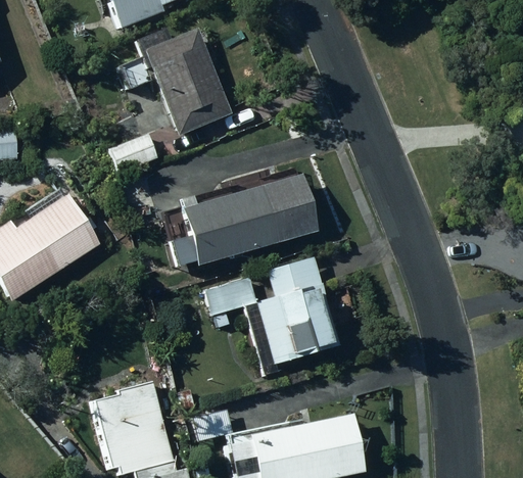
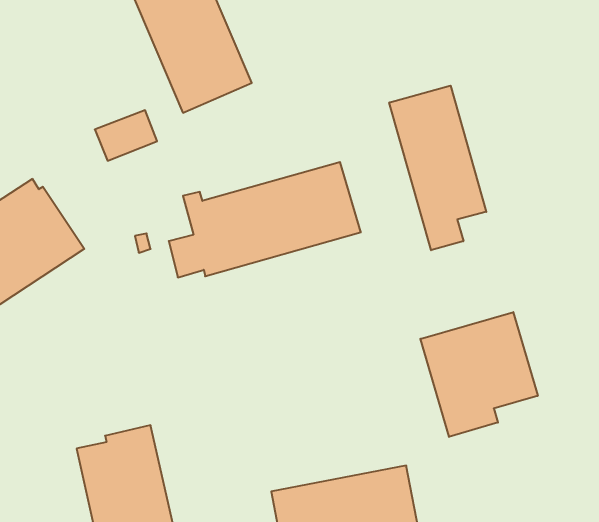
building: none -> [389,86,486,250]
building: [206,256,340,376] -> none
building: none -> [420,312,538,437]

